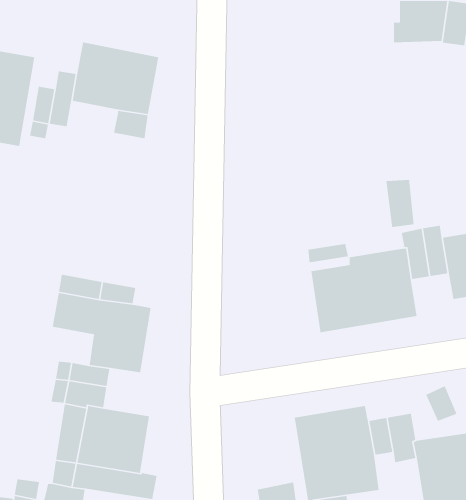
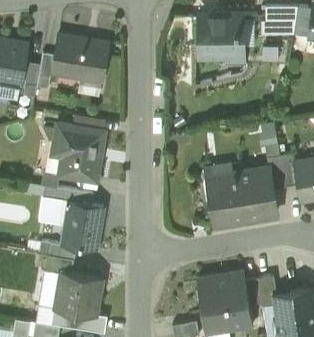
building: none -> [200,13,244,57]
building: none -> [55,123,104,180]

